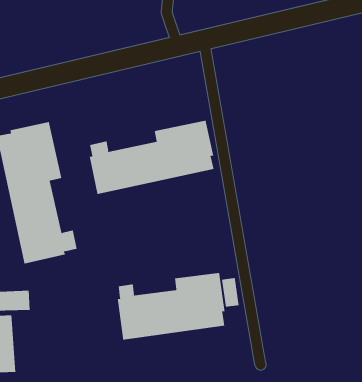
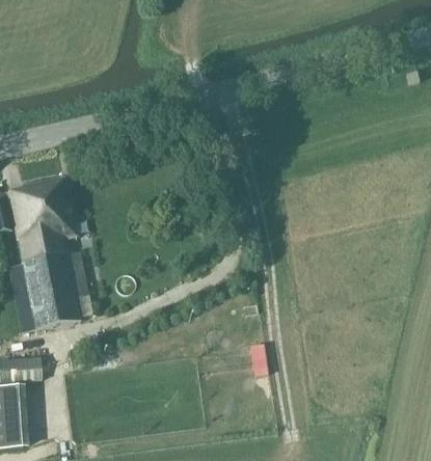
building: [89,120,214,195] -> none
building: [117,272,225,340] -> none

